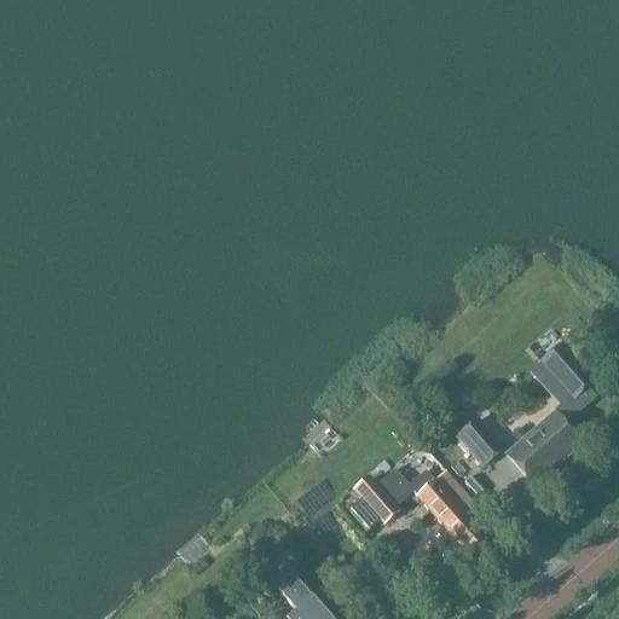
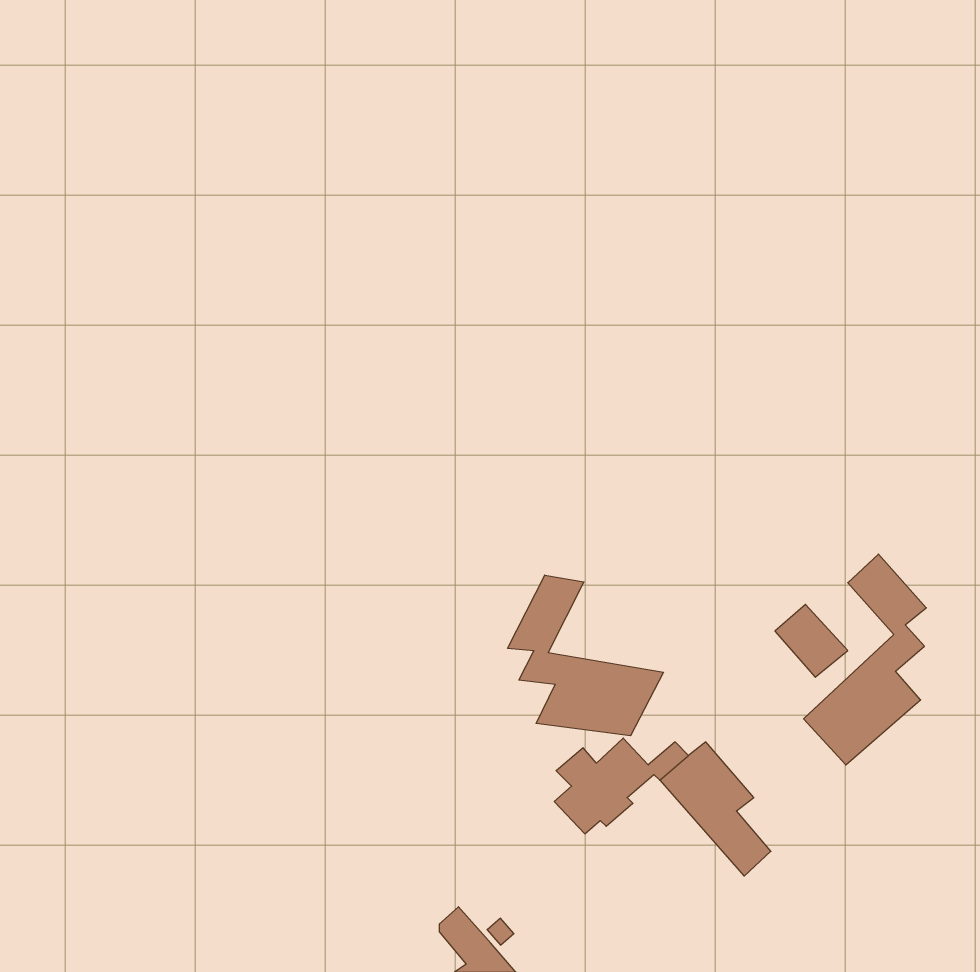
building: none -> [508,575,663,736]
building: [457,418,503,464] -> [775,604,848,677]

